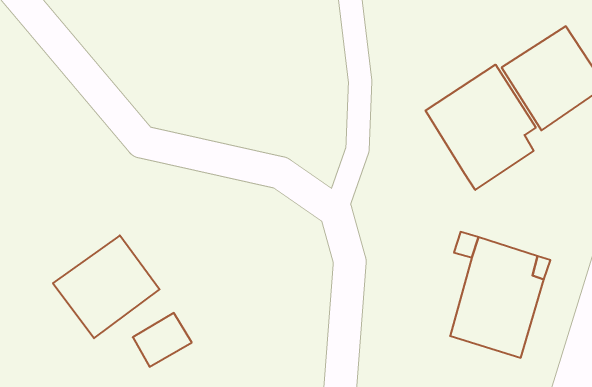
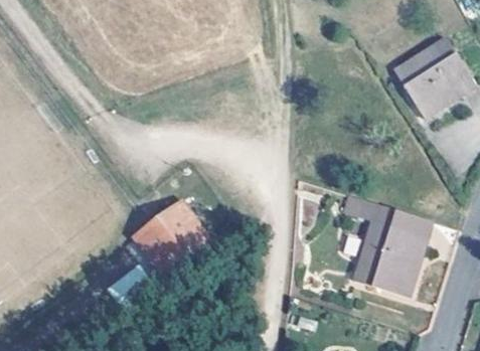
building: [426,65,536,190] -> none
building: [53,235,160,338] -> [129,195,212,276]

